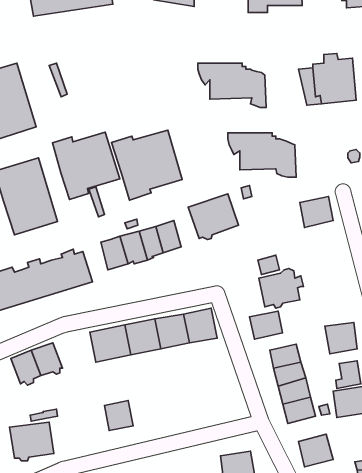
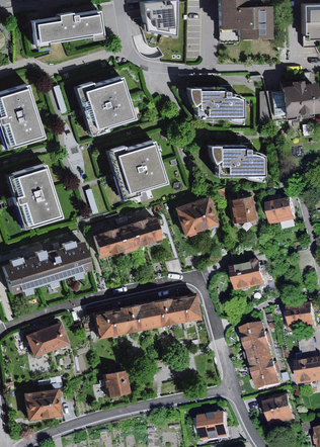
building: [53,132,120,199] -> [76,79,133,136]
building: none -> [227,194,254,221]
building: [250,311,282,339] -> none

